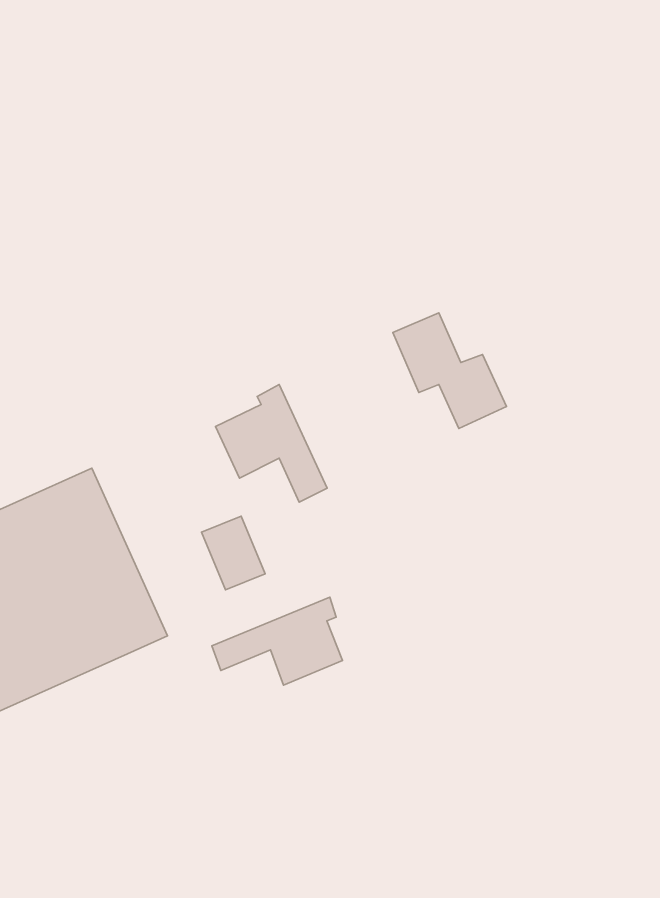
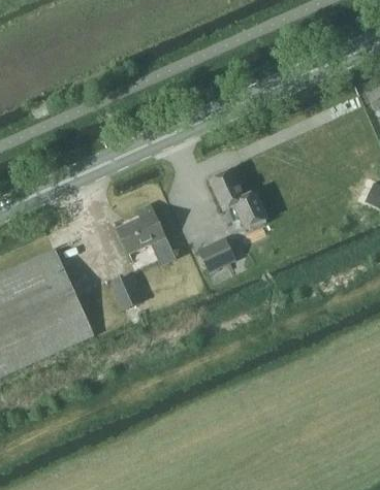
building: none -> [199,239,236,272]
building: [212,597,343,685] -> none

